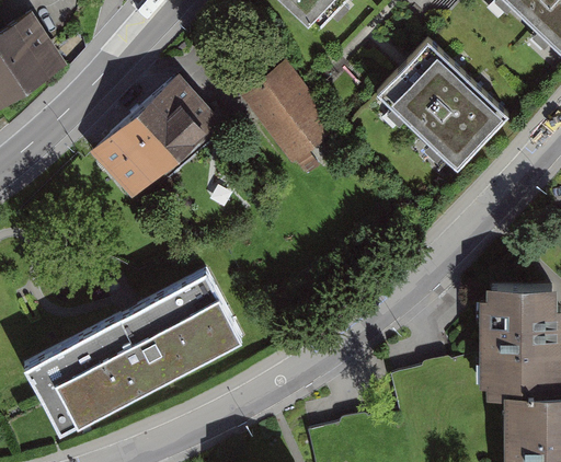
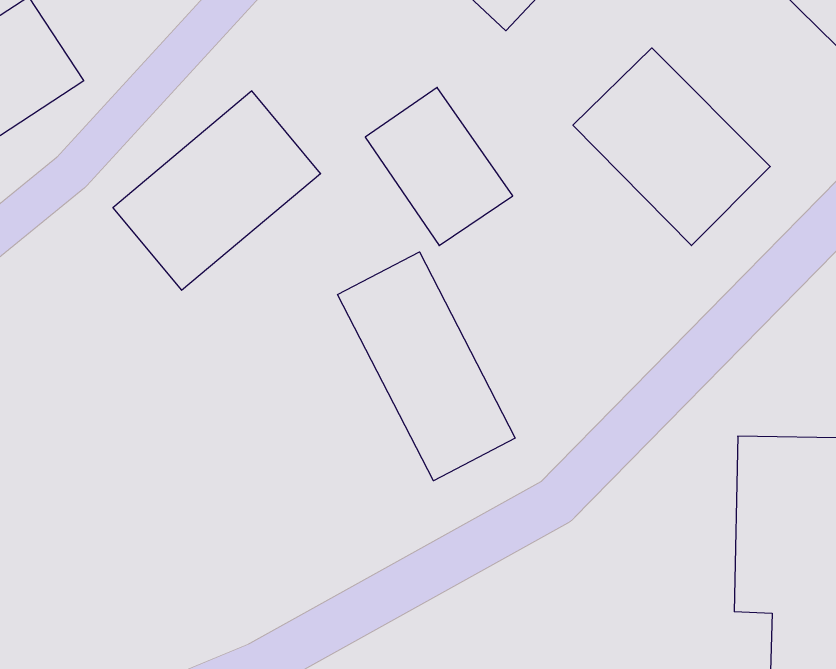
building: none -> [338,252,515,481]
building: [26,268,248,434] -> none

